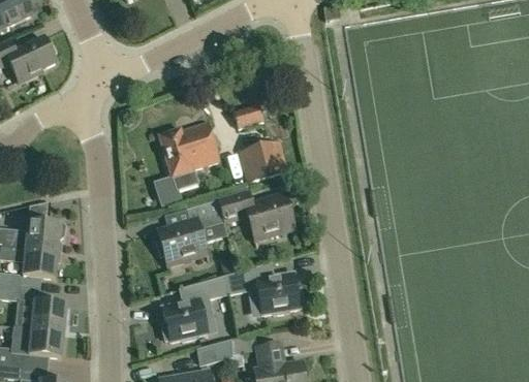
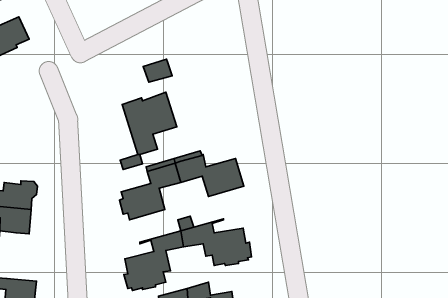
building: [231,102,263,128] -> [143,59,172,82]
building: [238,138,287,183] -> none
building: [30,300,65,330] -> none

